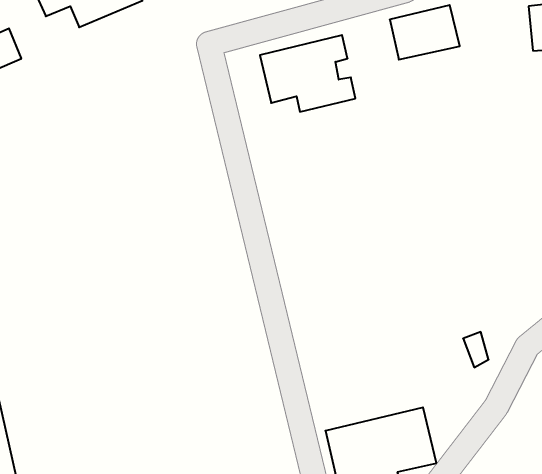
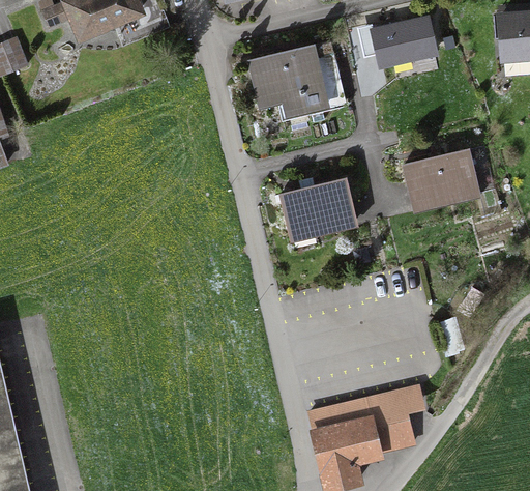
building: none -> [403,148,500,218]
building: none -> [281,181,354,241]

